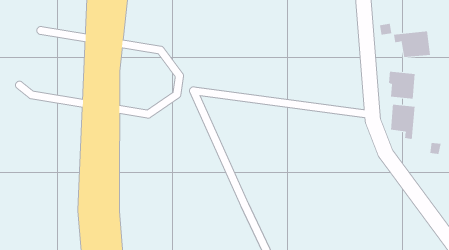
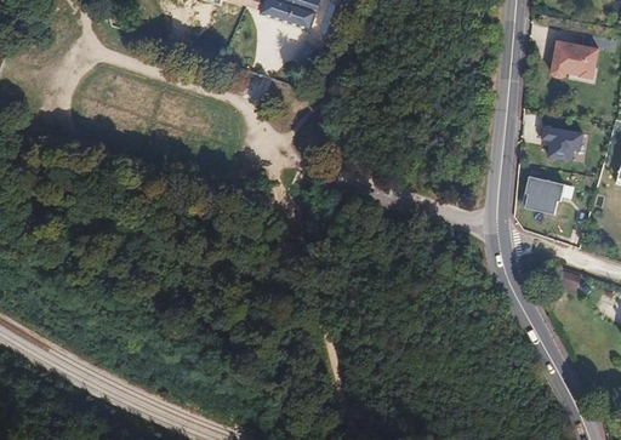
building: [390,104,415,140] -> none

